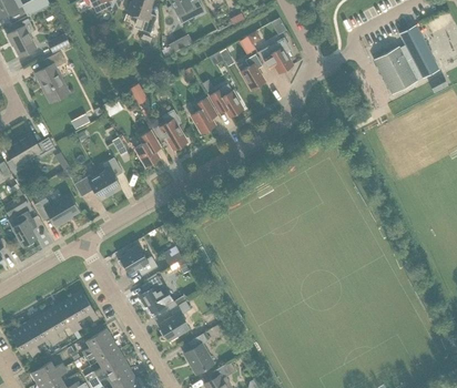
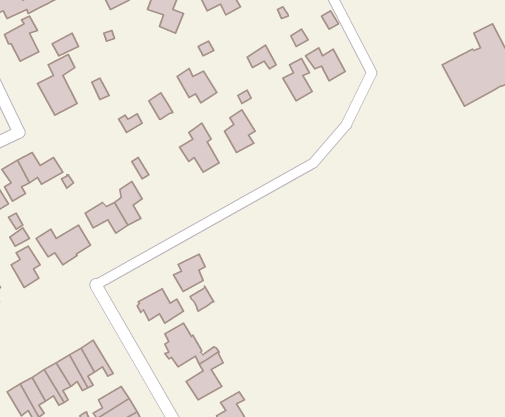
building: [210,89,243,118] -> [177,69,217,103]
building: [134,131,160,166] -> none
building: none -> [173,254,205,292]

